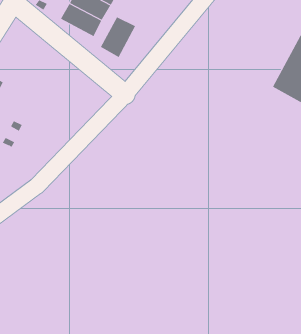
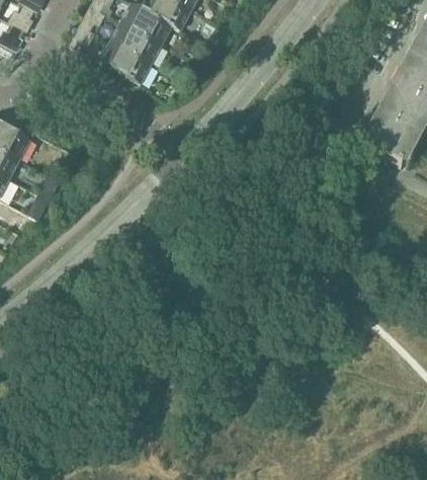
building: [100,16,136,58] -> none

